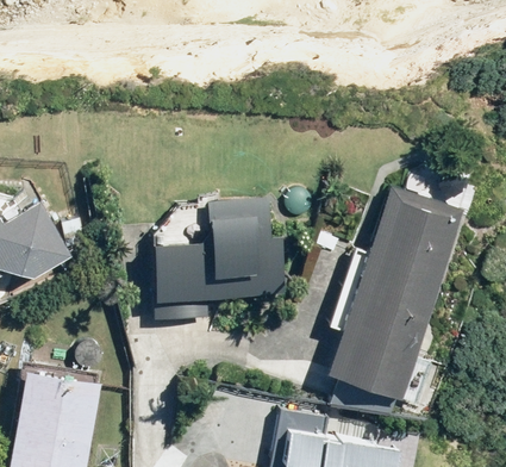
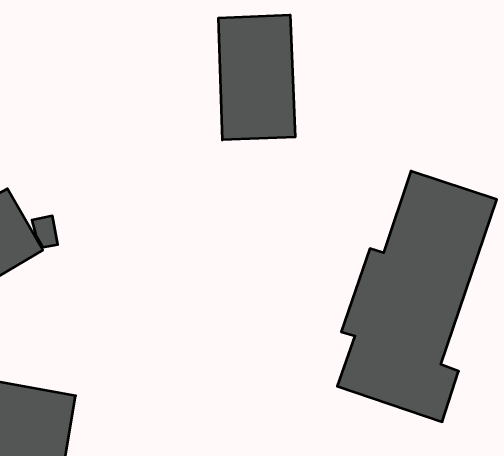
building: none -> [219,15,295,140]
building: [152,200,283,320] -> none

